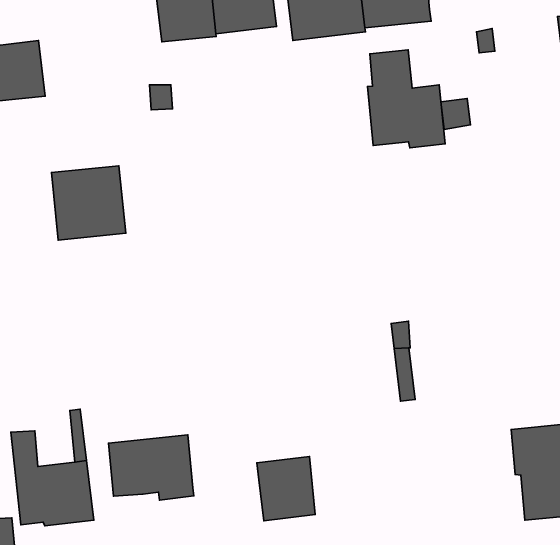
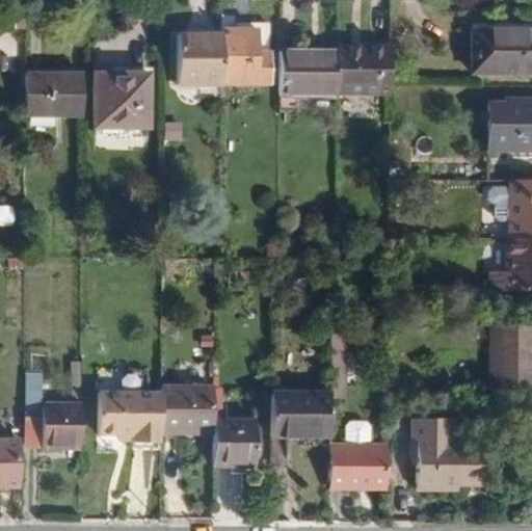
building: [367,50,445,148] -> none
building: [52,166,126,240] -> [96,72,150,126]
building: none -> [273,392,331,436]
building: none -> [162,384,215,433]
building: none -> [330,420,389,488]

